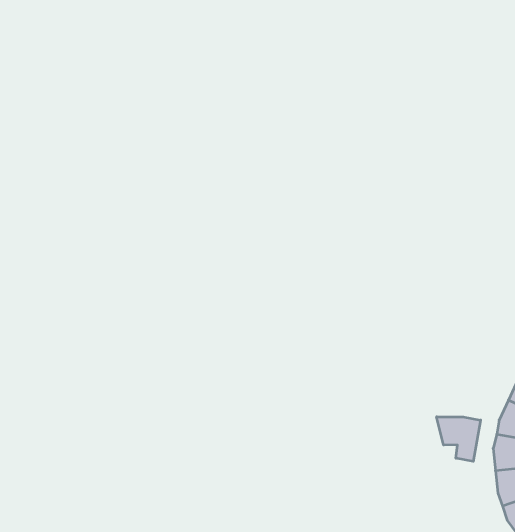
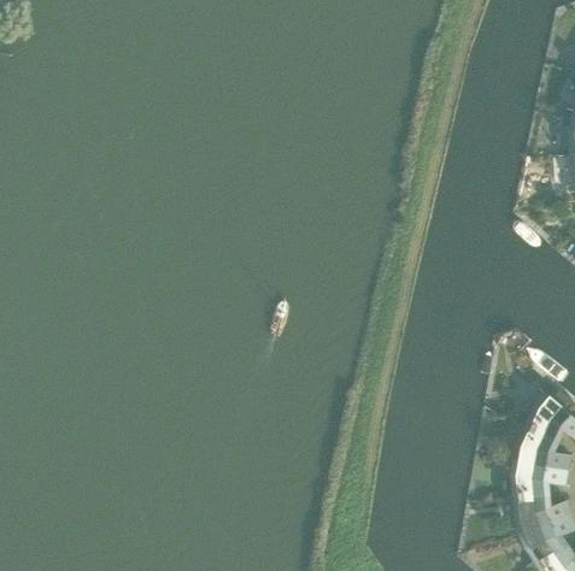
building: [437,417,481,461] -> none

